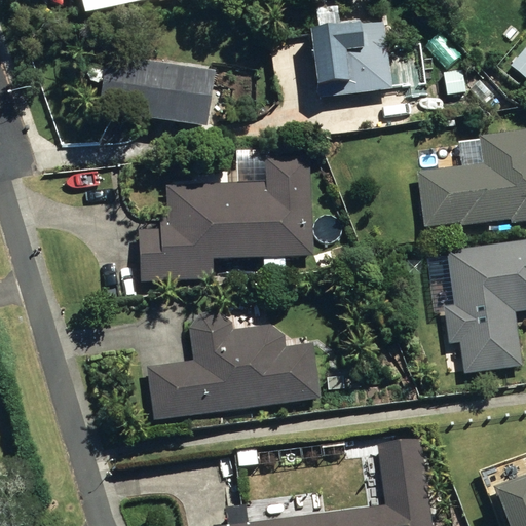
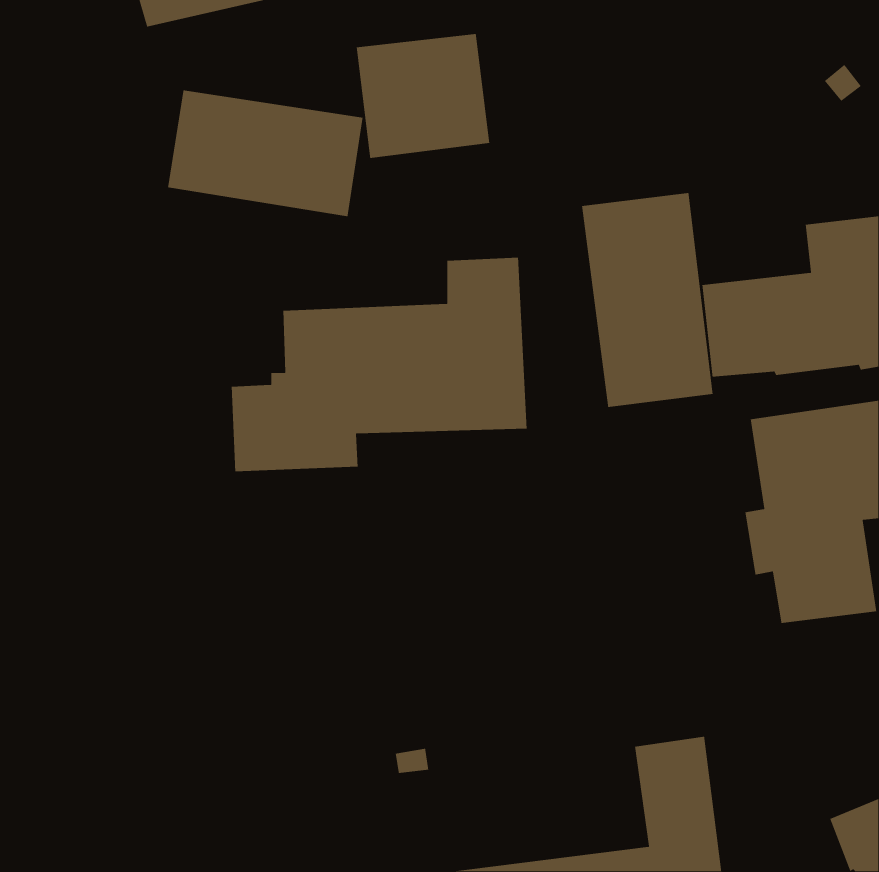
building: [312,23,392,98] -> [356,33,490,159]
building: none -> [581,192,713,408]
building: [147,311,321,420] -> none

